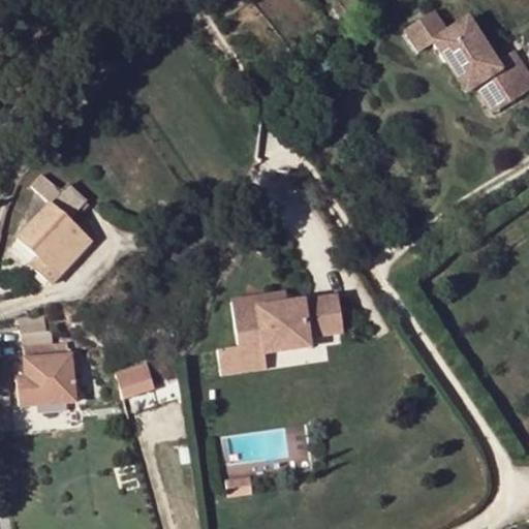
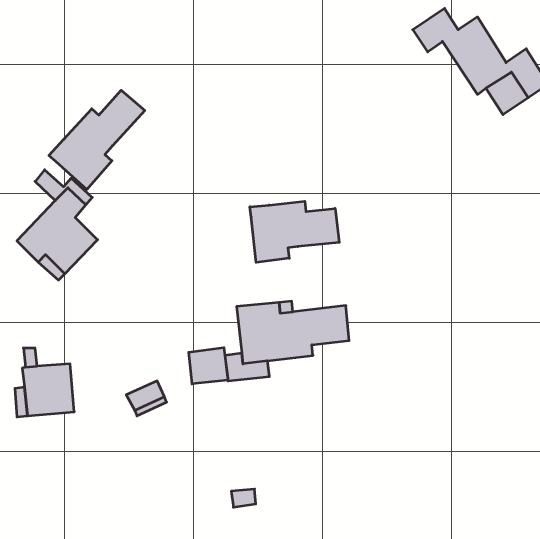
building: none -> [49,90,145,189]
building: none -> [250,201,339,262]
building: none -> [189,348,228,384]

